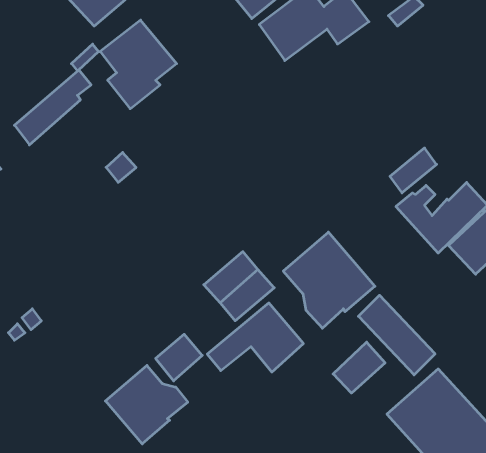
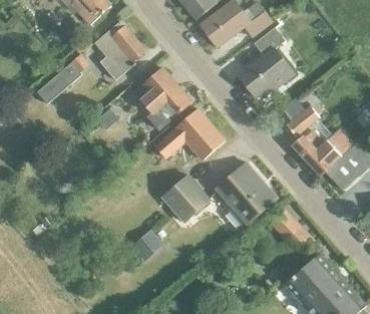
building: none -> [238,28,294,97]
building: none -> [133,68,191,129]
building: [207,303,303,372] -> [156,111,221,158]
building: [333,342,385,393] -> none
building: [105,365,188,444] -> none

